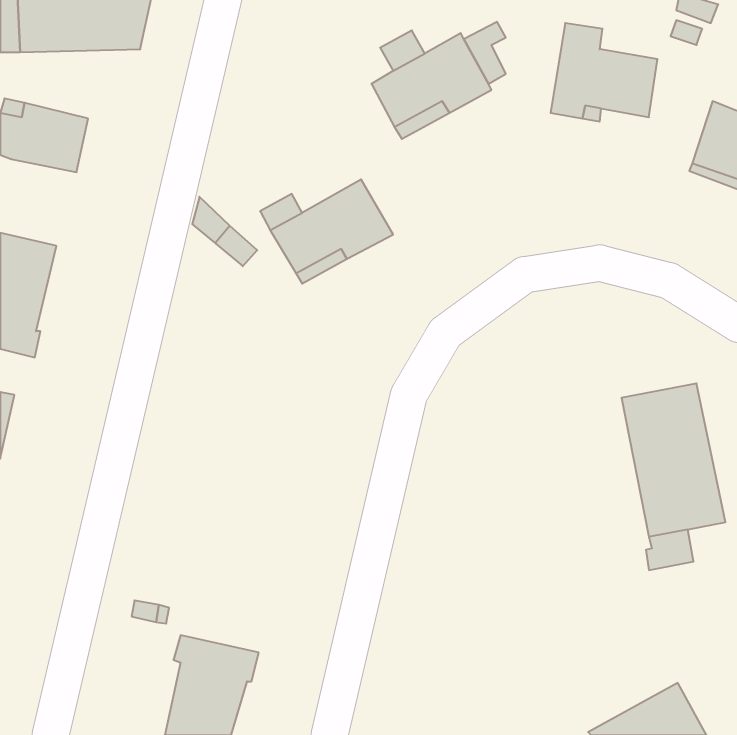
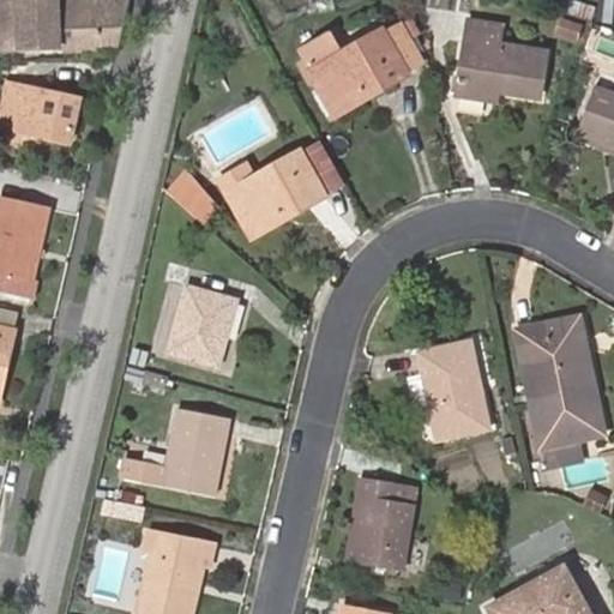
building: none -> [170,287,235,363]
building: none -> [420,339,488,438]
building: none -> [125,407,230,493]
building: none -> [354,476,414,567]

